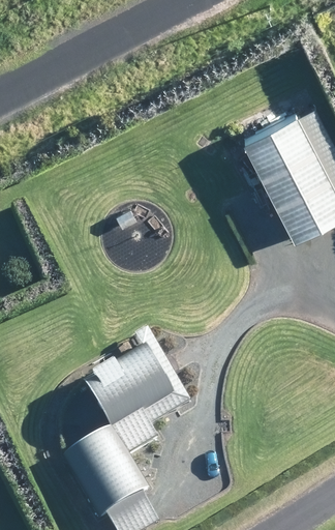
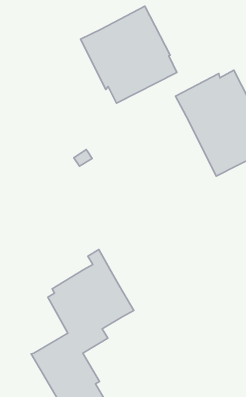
building: none -> [80,6,177,103]

